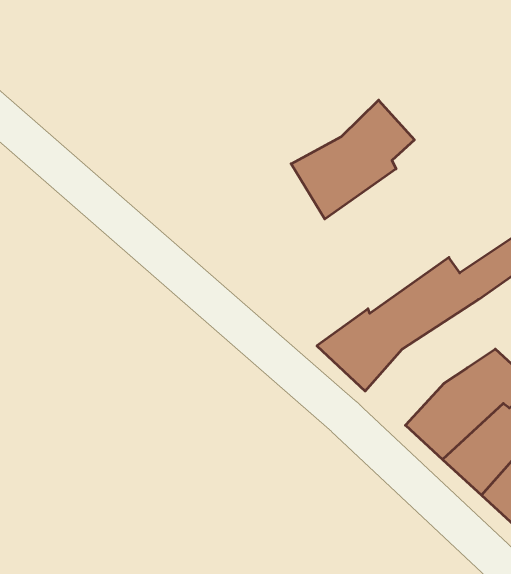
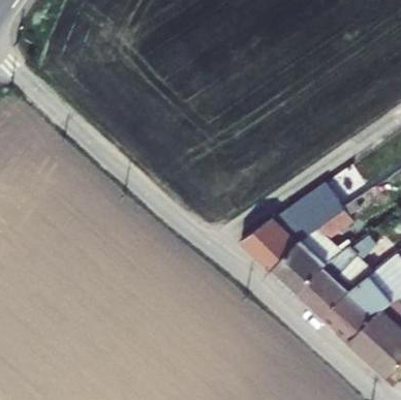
building: [291,100,414,219] -> none
building: none -> [270,211,353,295]

